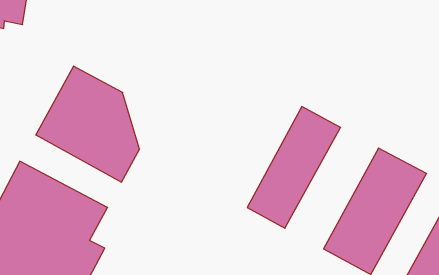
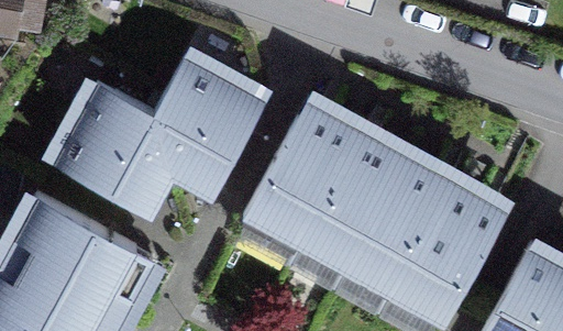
building: none -> [154,57,266,200]
building: none -> [243,100,363,249]
building: none -> [343,155,452,297]

